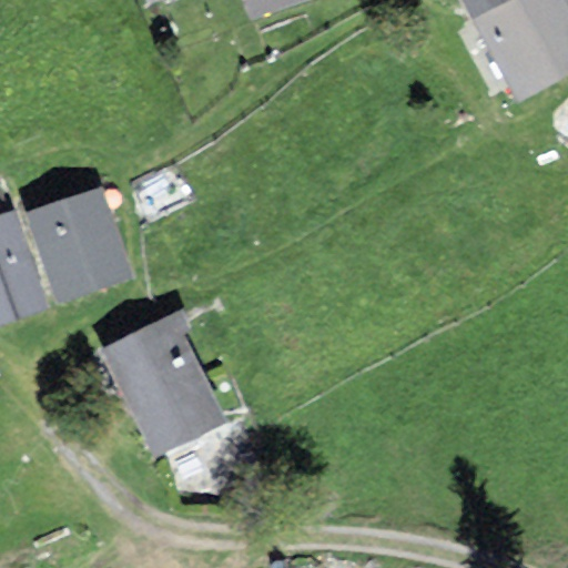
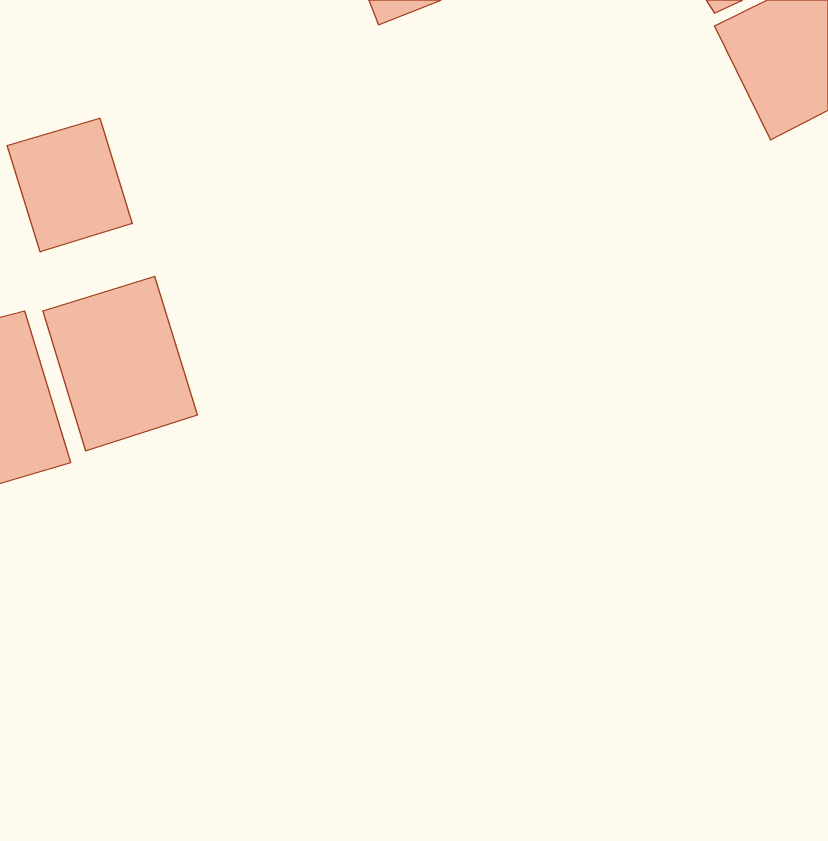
building: none -> [7,118,132,252]
building: [103,317,220,449] -> none

